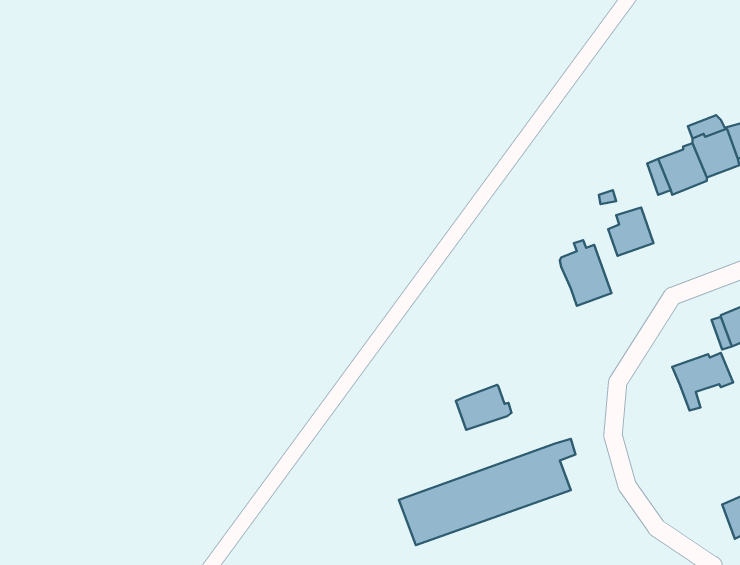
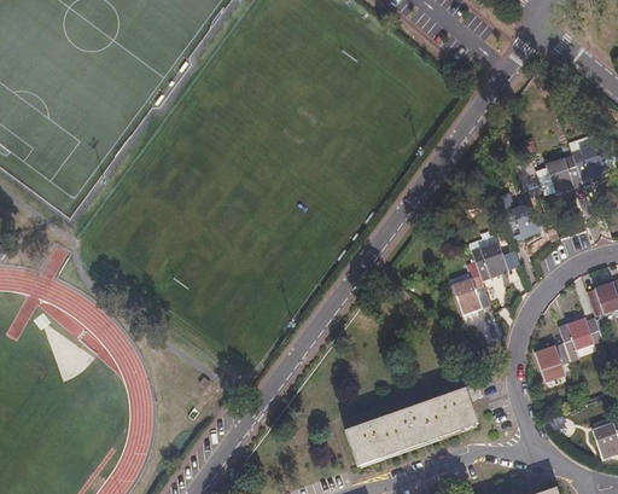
building: none -> [454,267,490,314]
building: [456,385,511,430] -> none
building: none -> [535,342,570,379]

